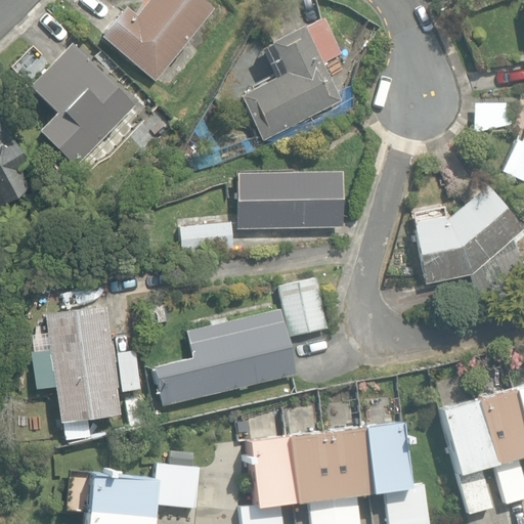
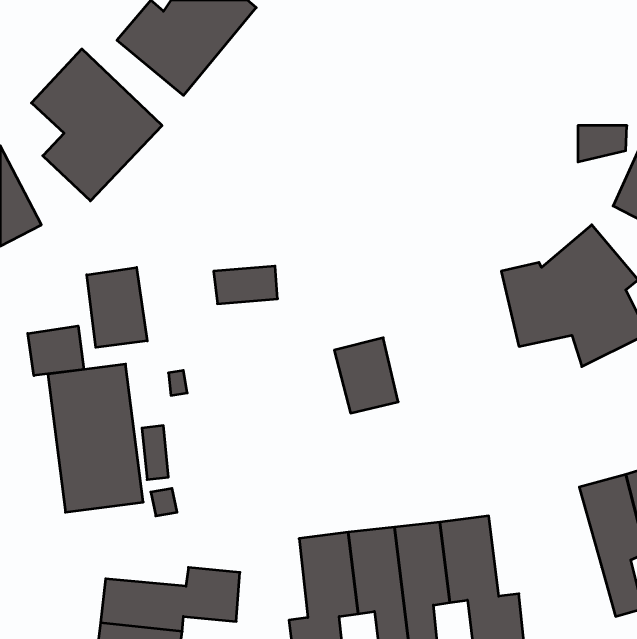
building: [241,19,343,142] -> none
building: [231,169,343,227] -> none
building: none -> [87,267,147,347]
building: none -> [28,326,84,376]
building: [149,306,294,404] -> none
building: [439,399,494,515] -> none

